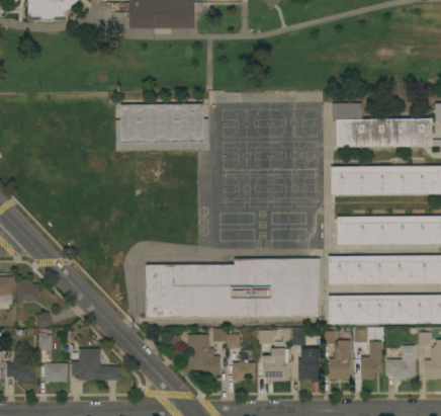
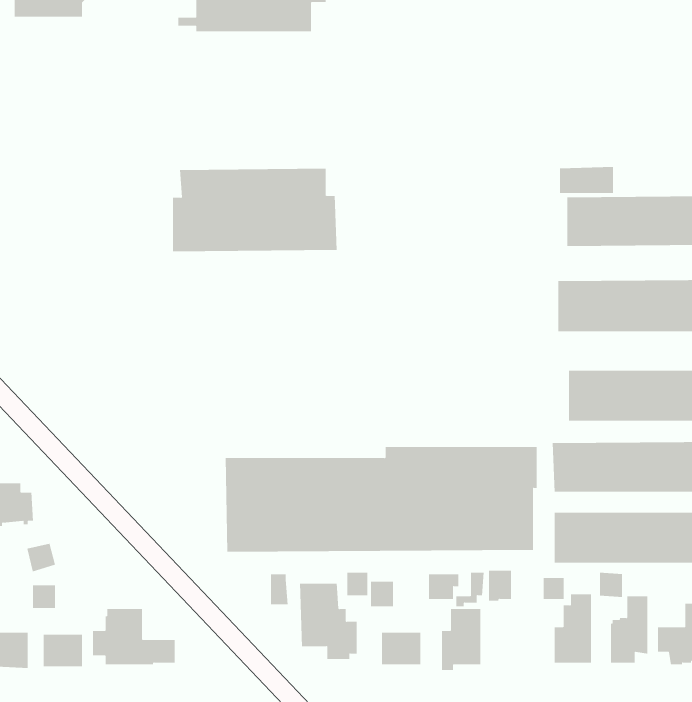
building: [297,347,323,382] -> none

